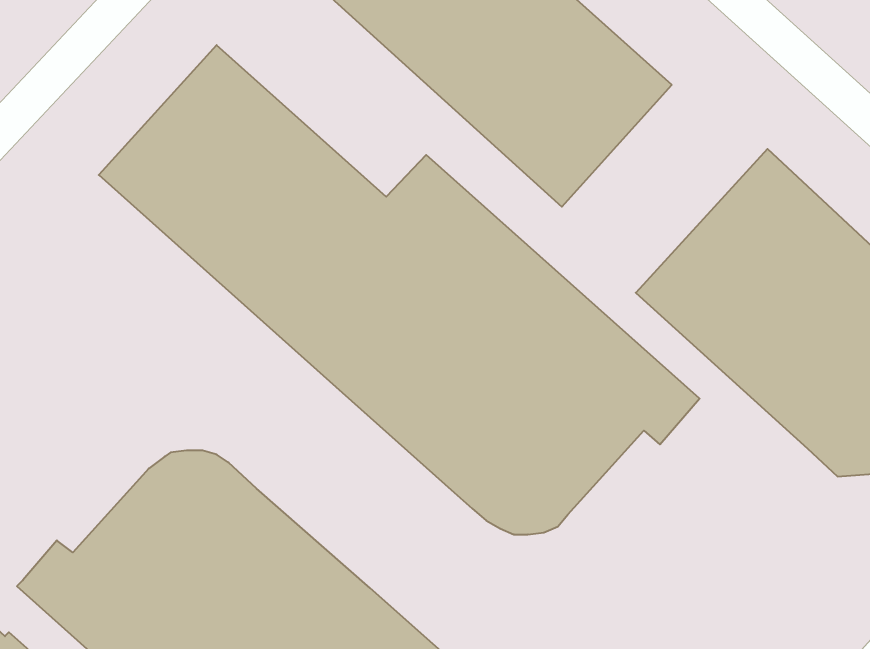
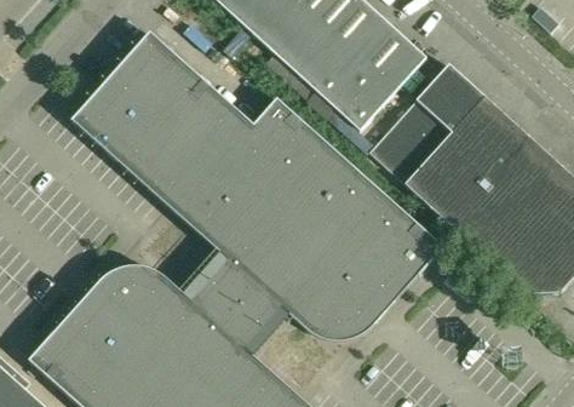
building: none -> [369,63,484,182]
building: none -> [174,242,294,361]

